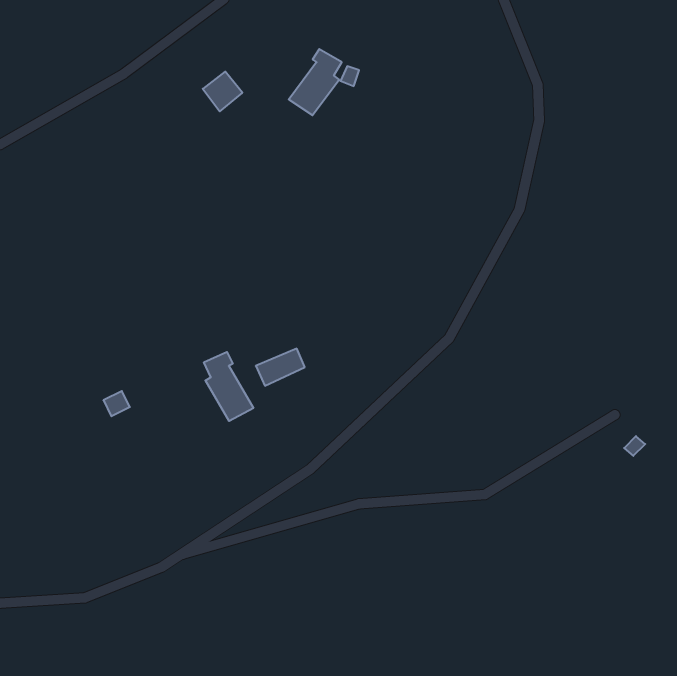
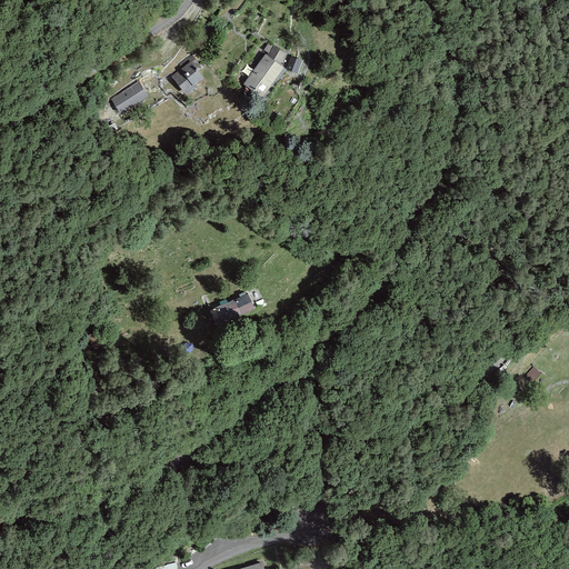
building: none -> [110,79,149,113]
building: [204,352,253,421] -> none

